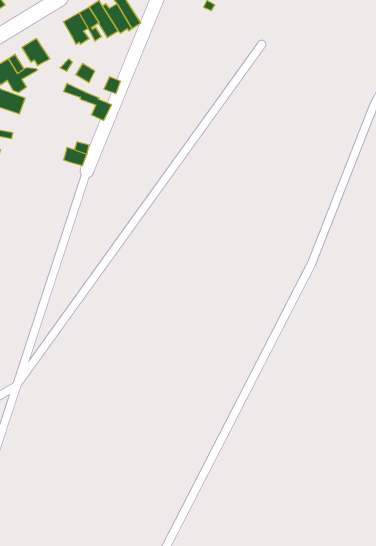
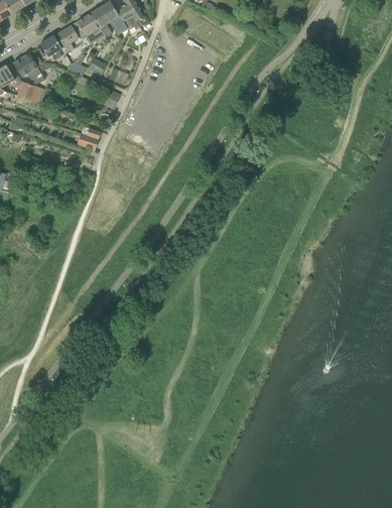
building: none -> [52,20,85,53]

